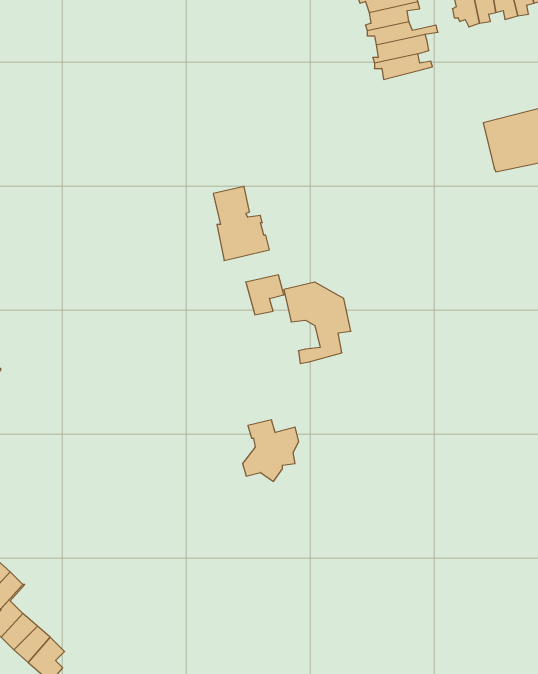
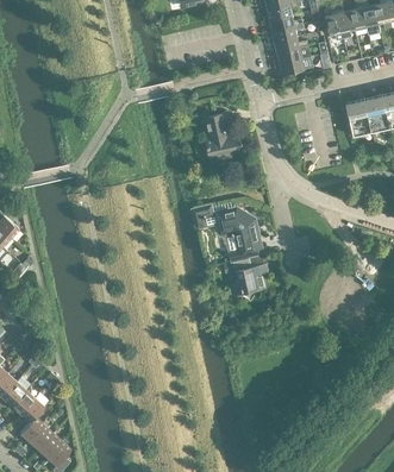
building: [213,186,269,261] -> [205,113,242,162]
building: [243,420,299,481] -> [230,259,267,300]

